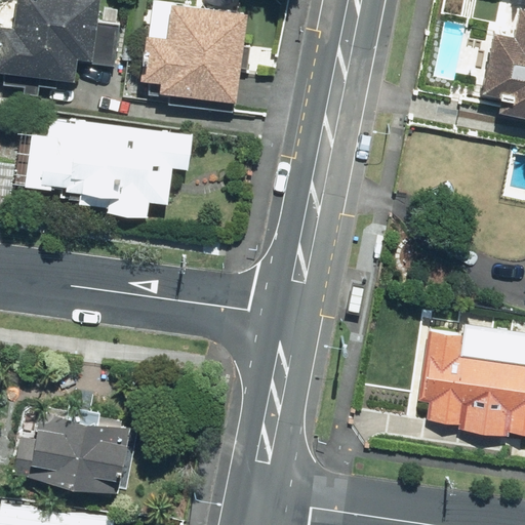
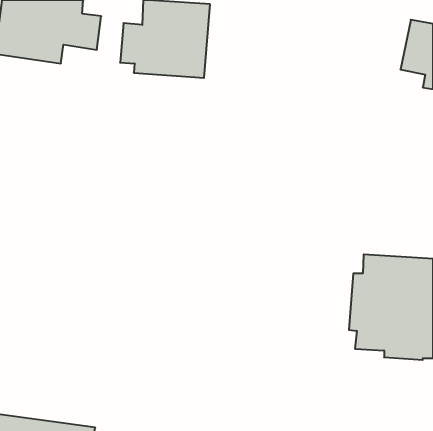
building: [27,121,194,219] -> none
building: [15,403,134,496] -> none

